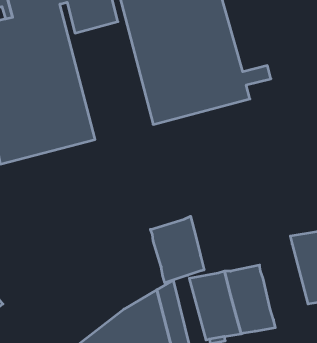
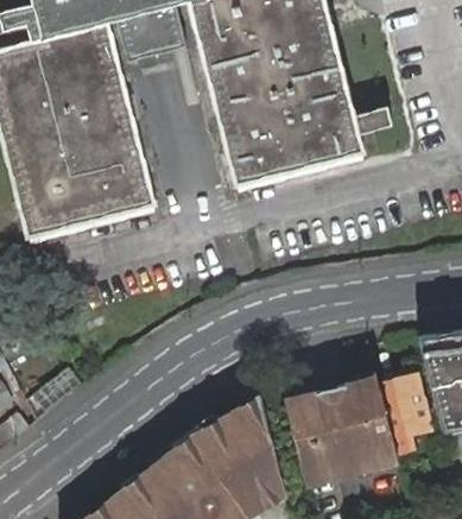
building: [150,216,204,283] -> none
building: none -> [379,373,430,449]

